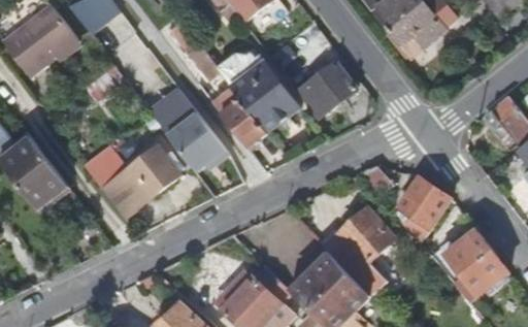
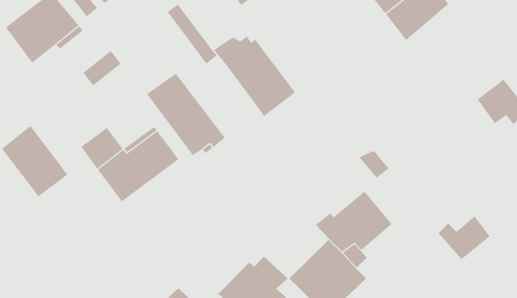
building: [296,61,357,118] -> none
building: [210,85,266,146] -> none
building: [398,176,451,243] -> none
building: [455,252,509,302] -> none

